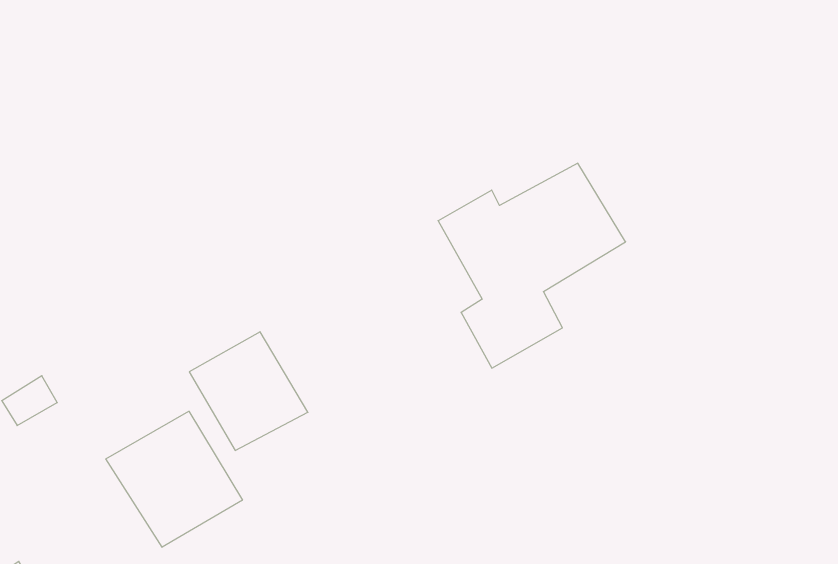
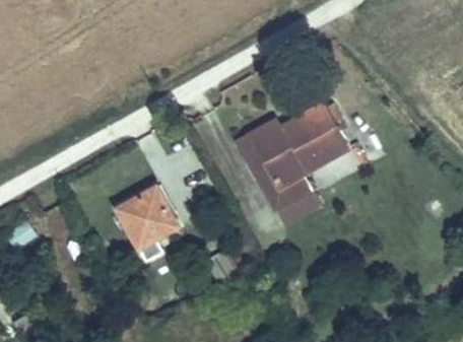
building: [106,411,242,547] -> none

